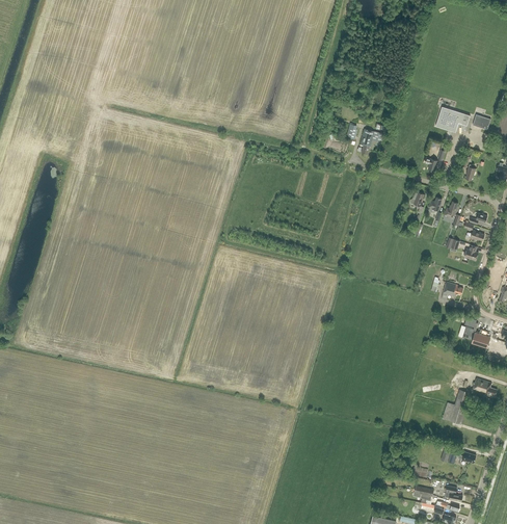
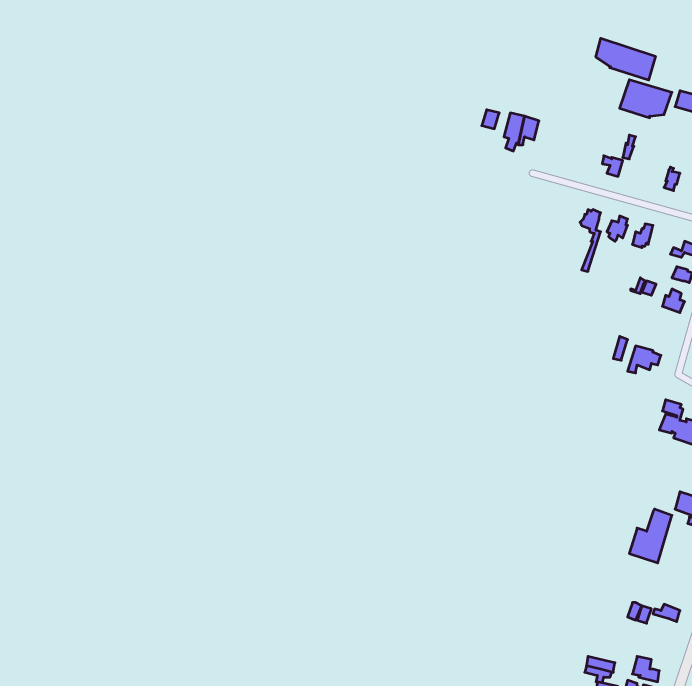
building: none -> [596,38,655,80]

